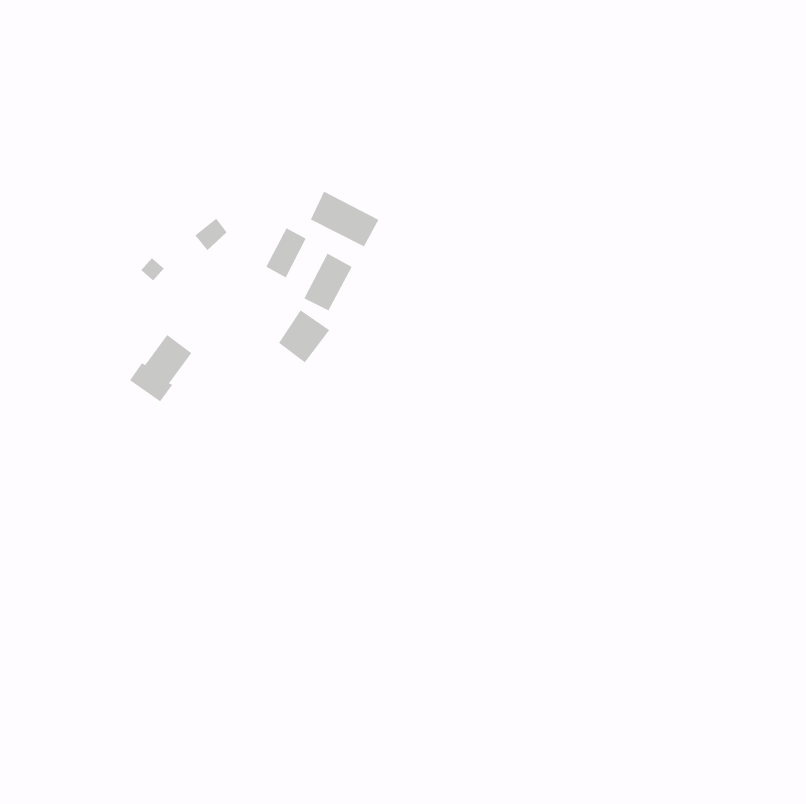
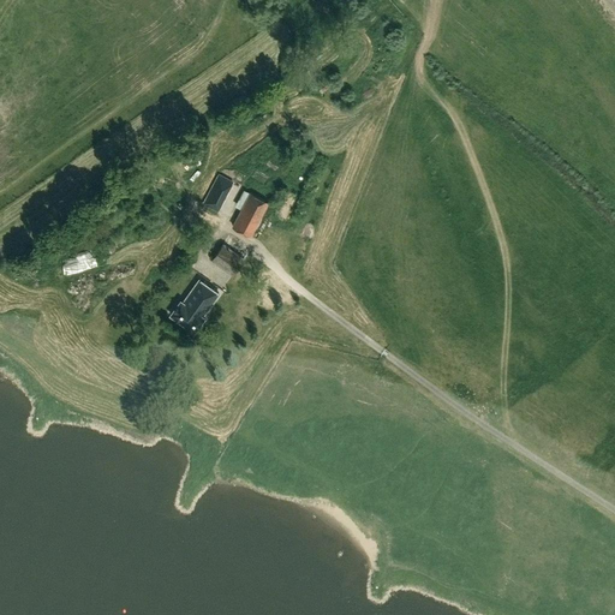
building: [310,191,379,247] -> none
building: [129,334,192,402] -> [169,281,217,333]

